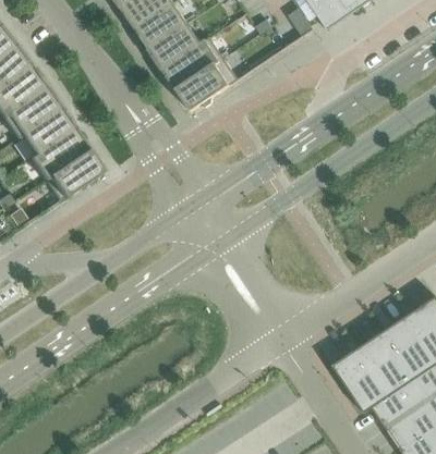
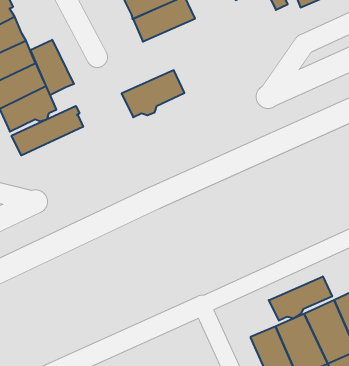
building: [177,58,239,111] -> [122,70,184,117]
building: none -> [30,40,74,95]
building: none -> [11,106,83,155]
building: none -> [269,276,332,321]

